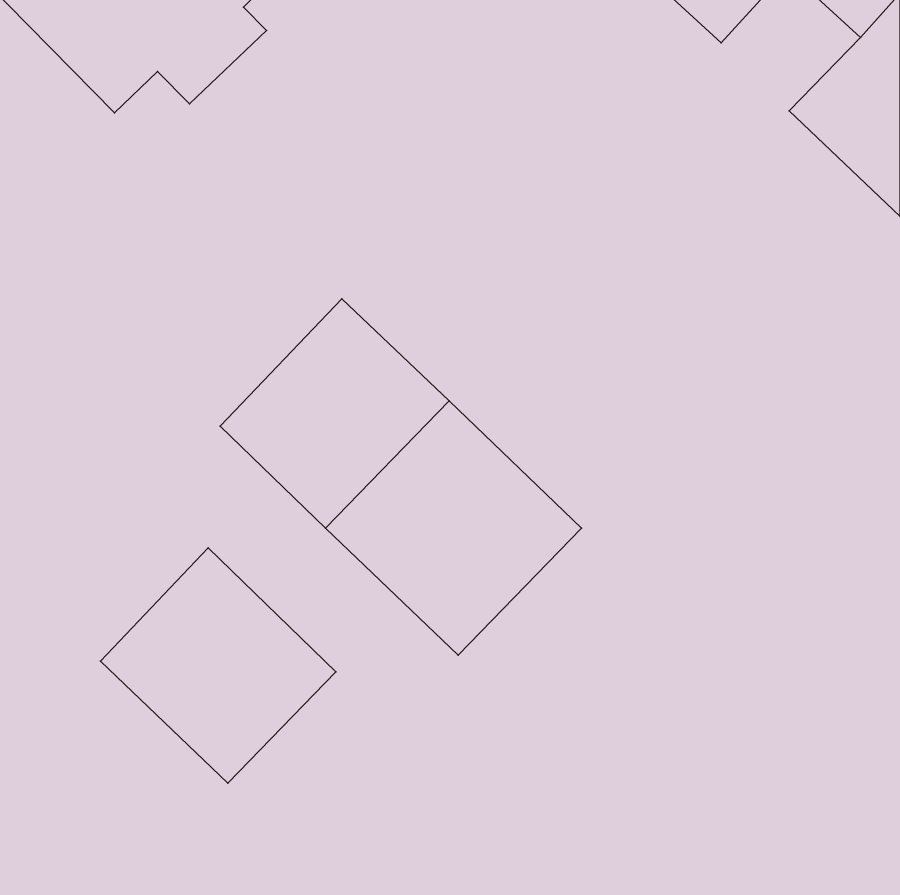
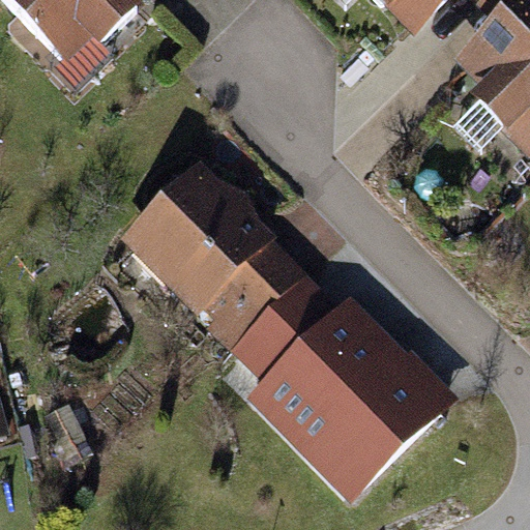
building: none -> [251,297,447,493]
building: [101,548,336,783] -> none

